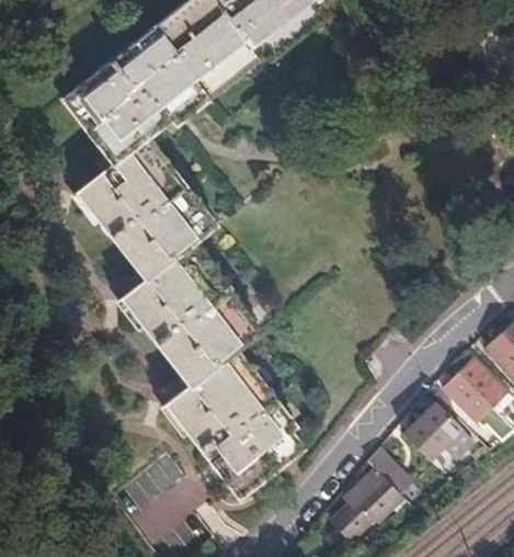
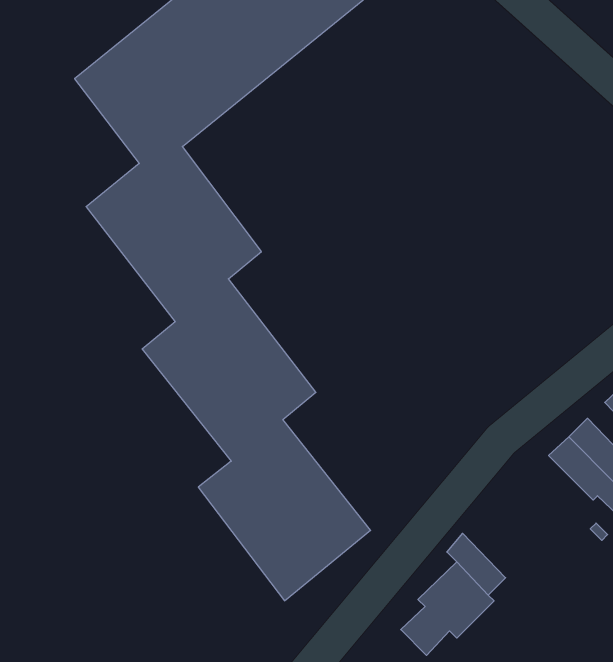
building: [392,398,460,454] -> none

